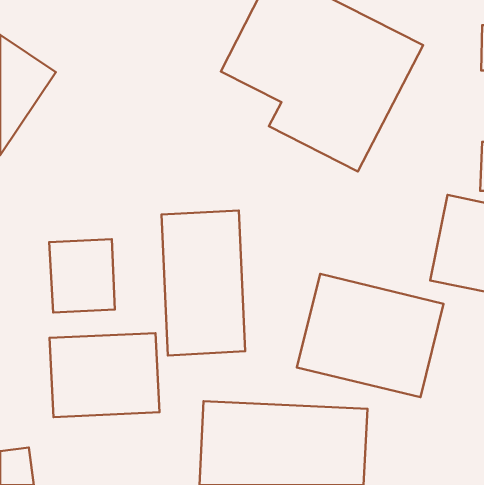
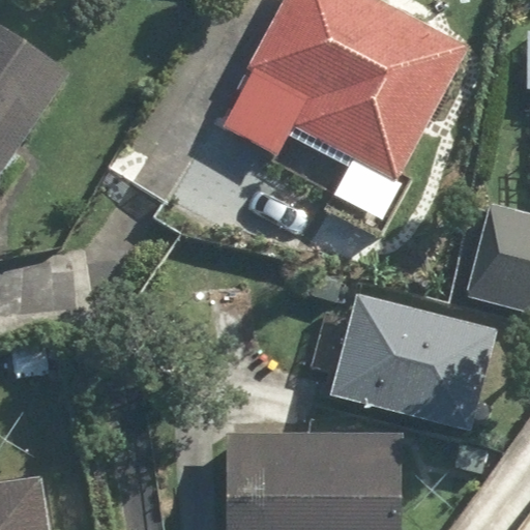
building: [161,210,245,355] -> none
building: [49,333,160,417] -> none

